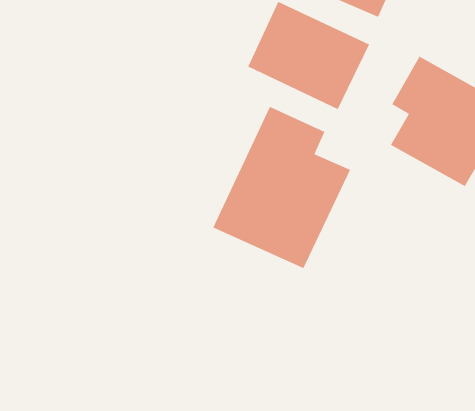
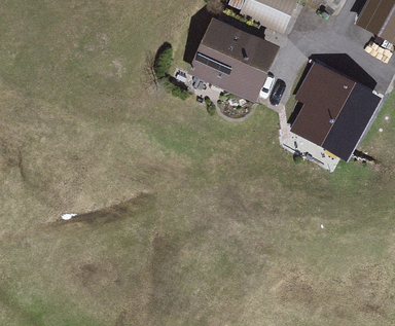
building: [212,106,351,269] -> none

